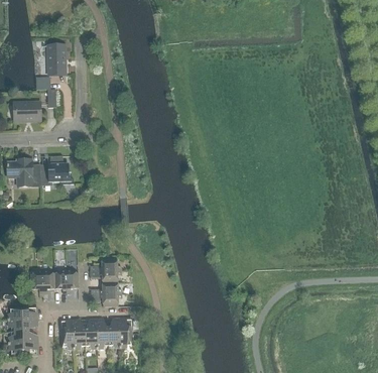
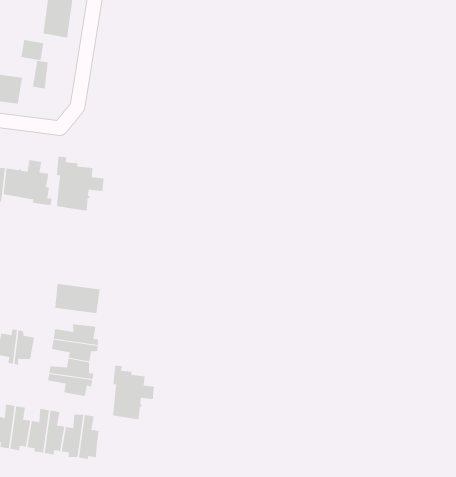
building: none -> [51,156,104,212]
building: none -> [48,283,100,323]
building: none -> [108,365,155,420]

